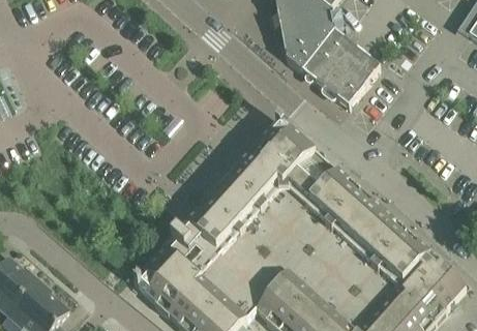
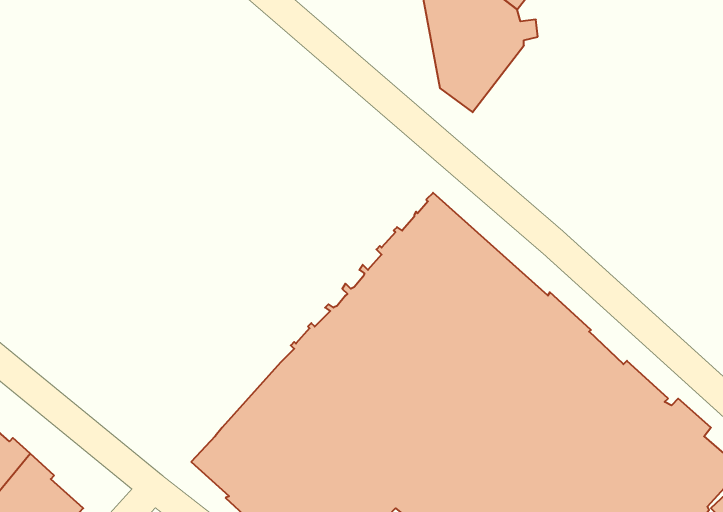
building: [304,31,381,108] -> none

